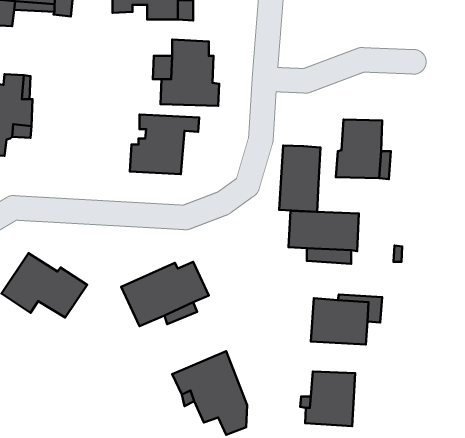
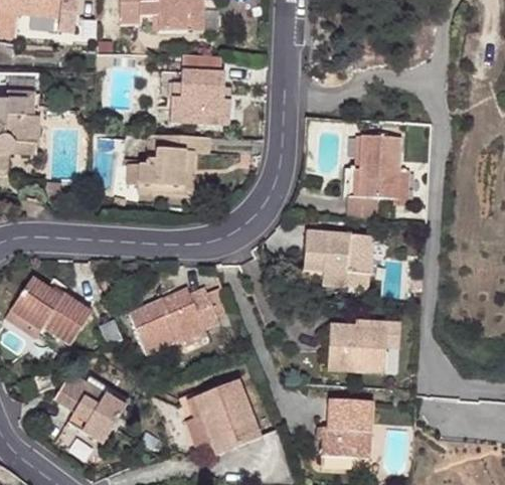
building: [279,146,320,212] -> none
building: none -> [52,372,126,442]

